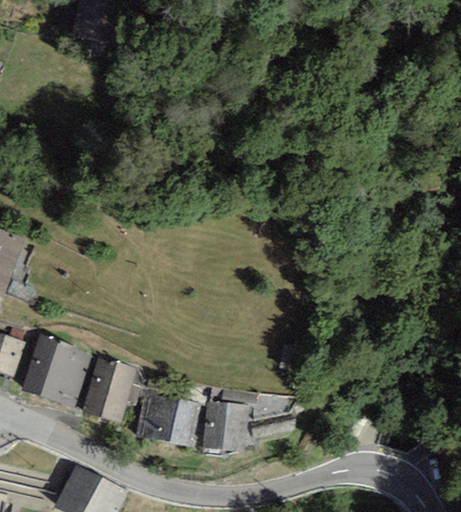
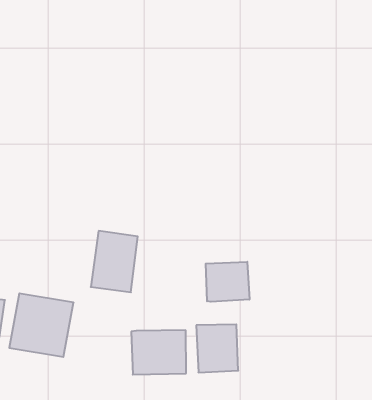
building: none -> [206,262,249,302]
building: [82,356,137,422] -> [91,231,138,292]

